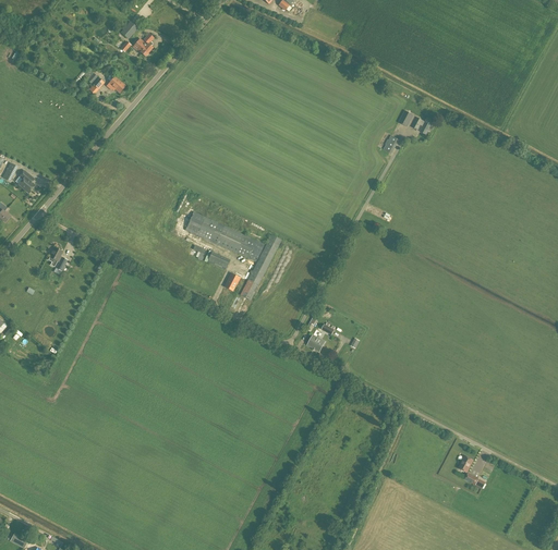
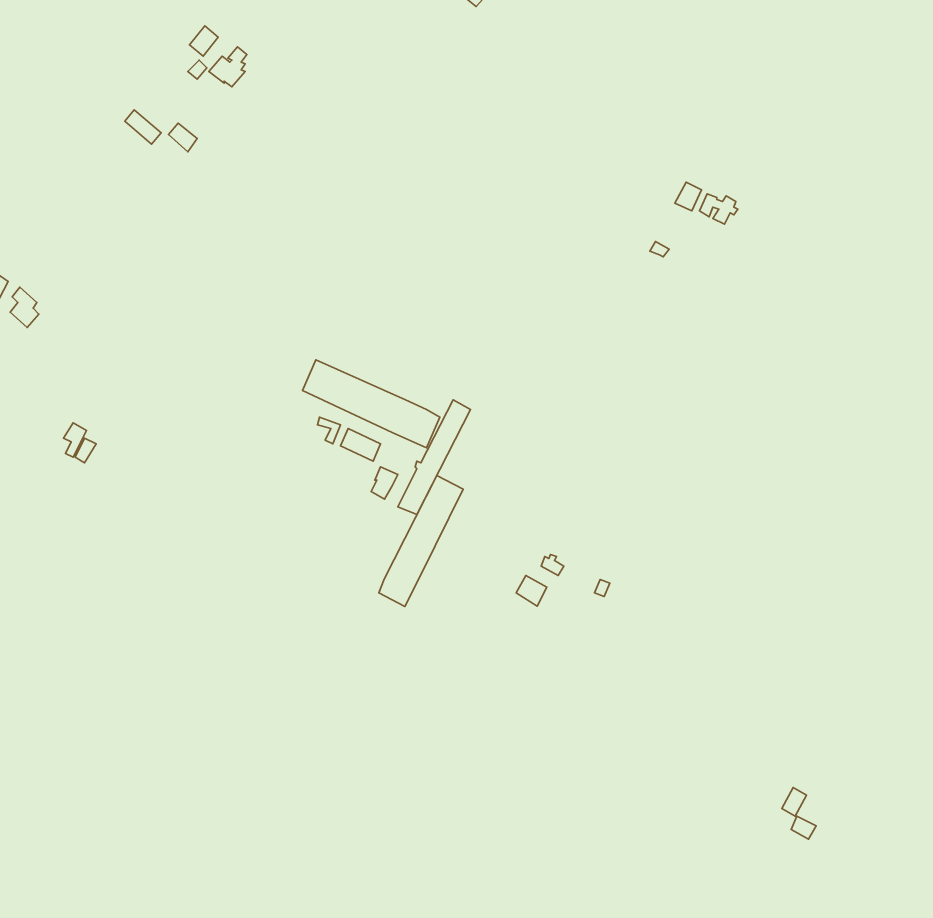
building: none -> [379,475,463,606]

